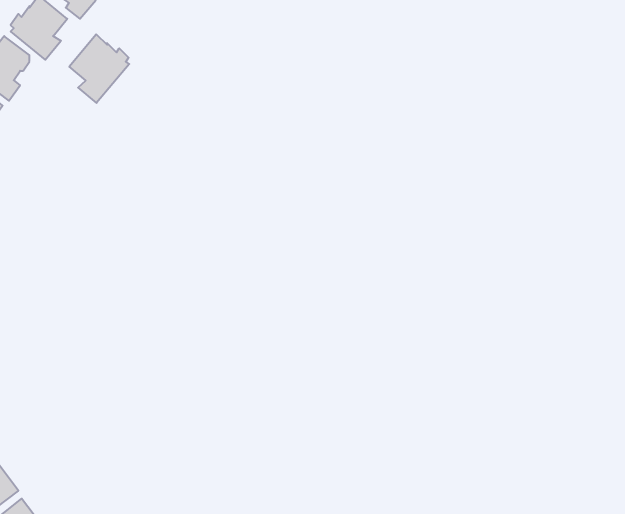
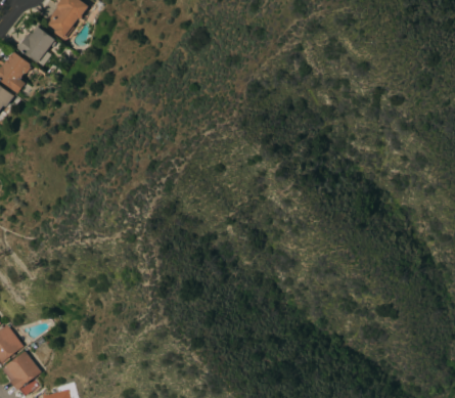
building: [69,34,129,103] -> none

